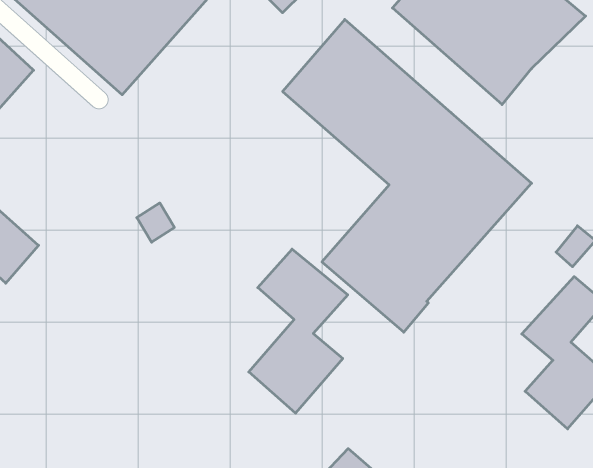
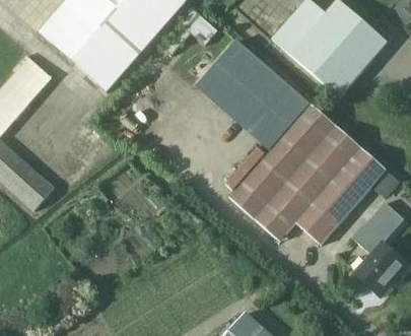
building: none -> [293,146,384,243]
building: [249,249,348,413] -> none

